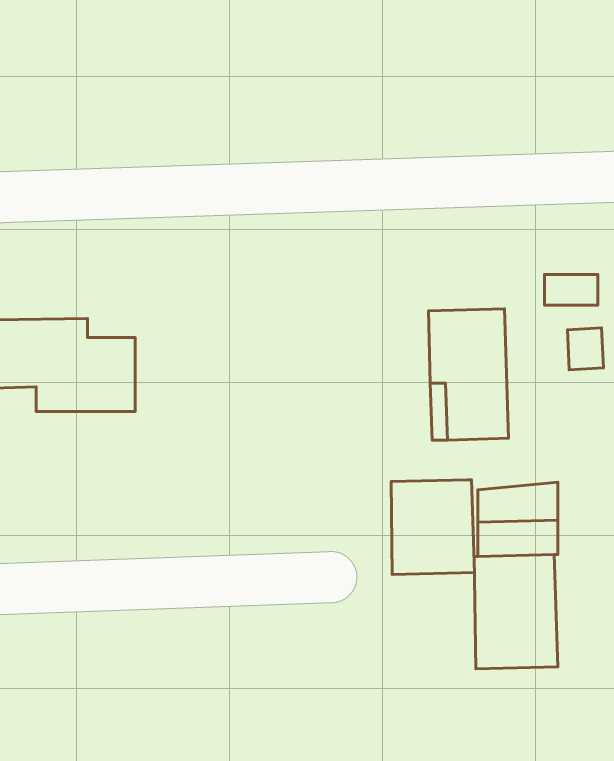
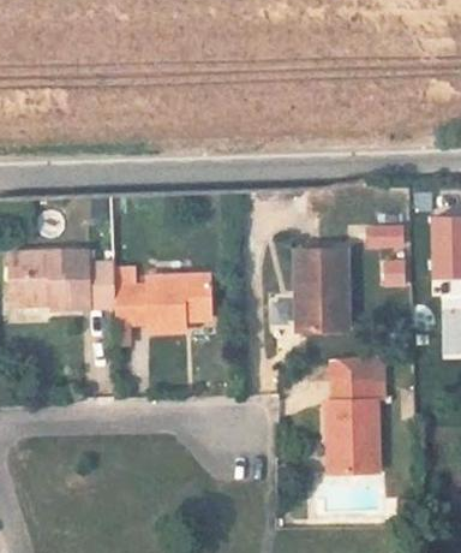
building: none -> [112,275,208,334]
building: [391,480,474,574] -> none

